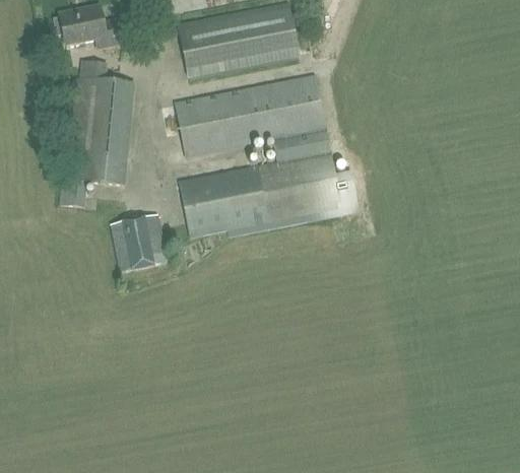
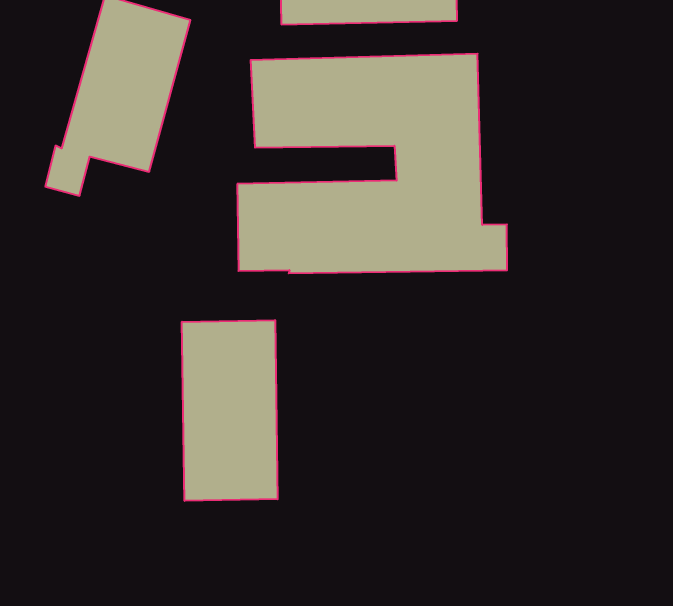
building: [110,213,167,271] -> none
building: none -> [182,320,278,501]

